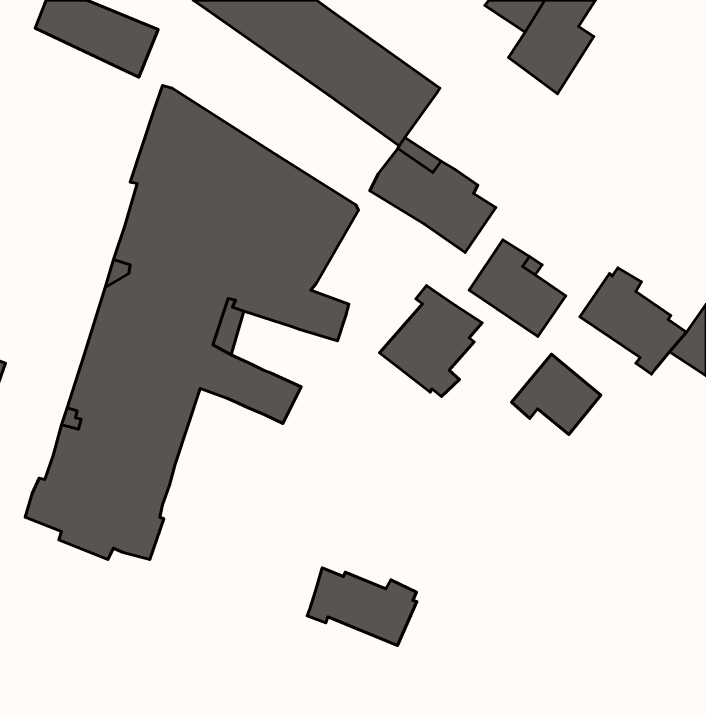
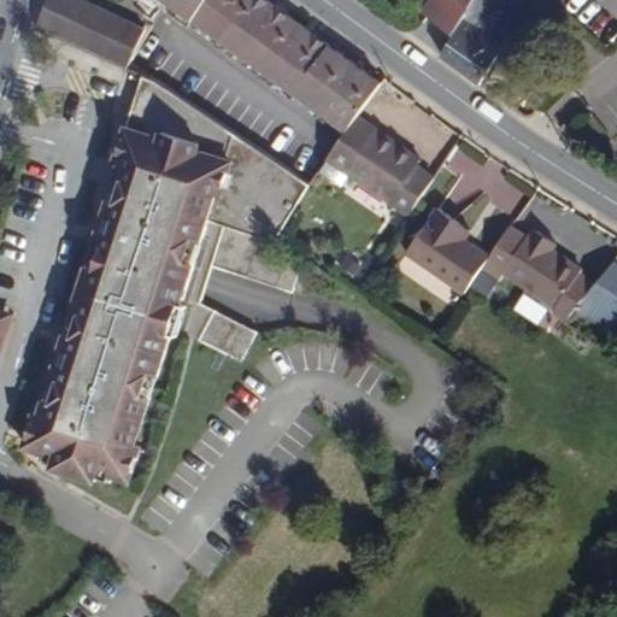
building: [379,285,482,397] -> none
building: [512,354,601,434] -> none
building: [307,568,417,645] -> none

